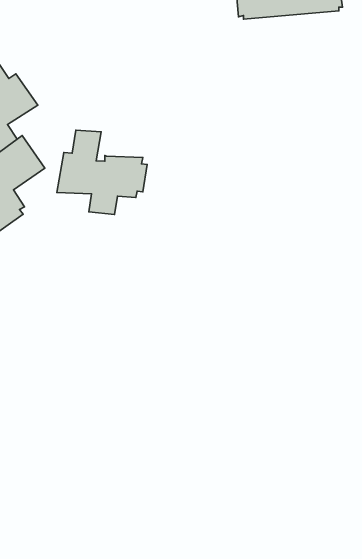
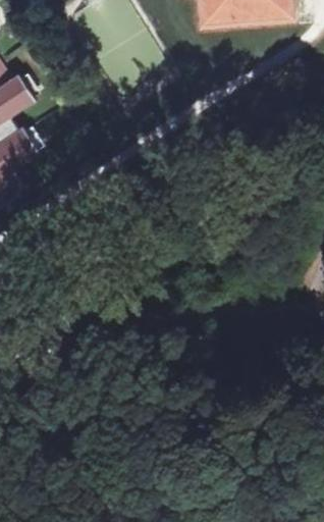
building: [57,130,147,214] -> none

